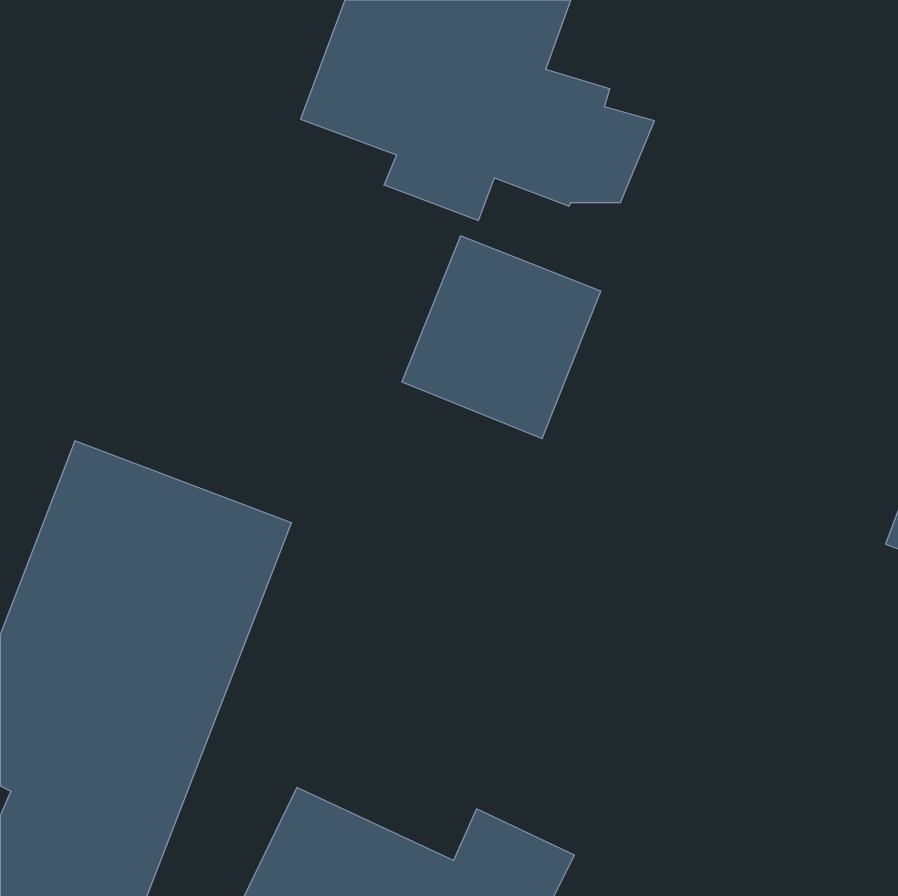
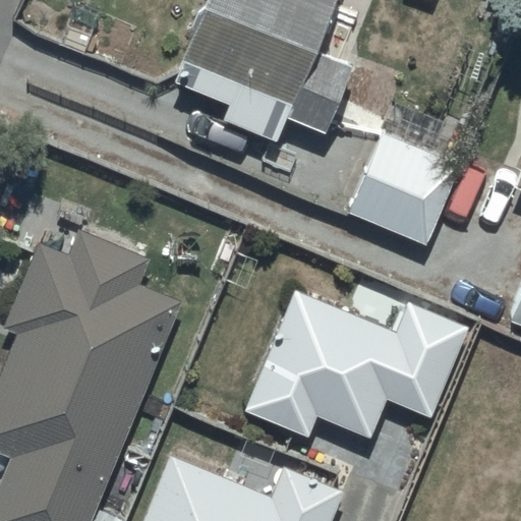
building: [402,236,601,439] -> [351,126,465,242]
building: none -> [241,291,457,435]

